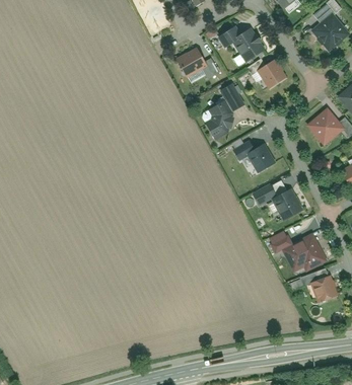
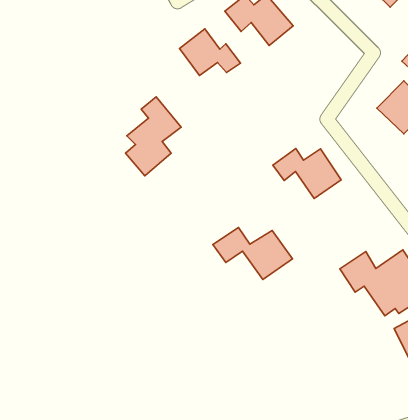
building: [258,60,288,91] -> none
building: [203,86,245,141] -> [125,97,181,176]
building: [251,182,305,222] -> [213,227,292,279]

